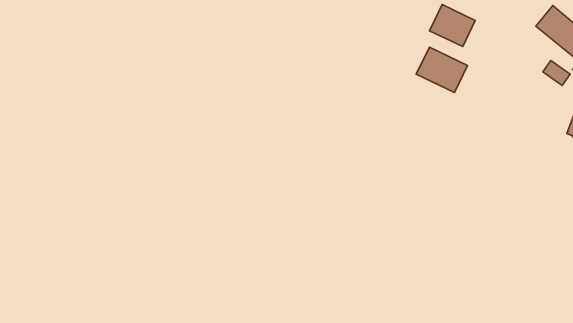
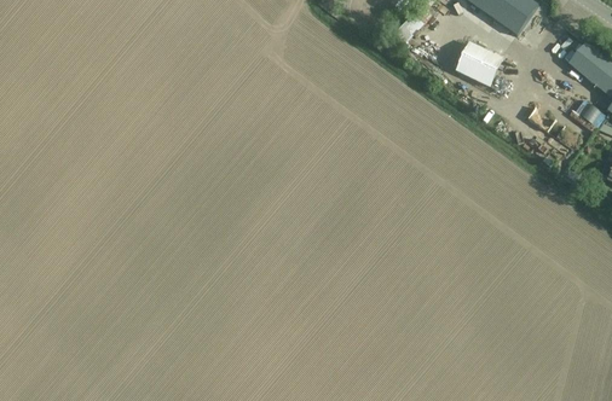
building: [416,47,468,93] -> none

